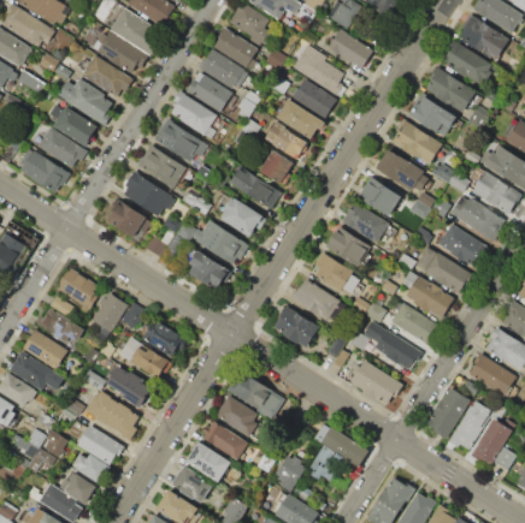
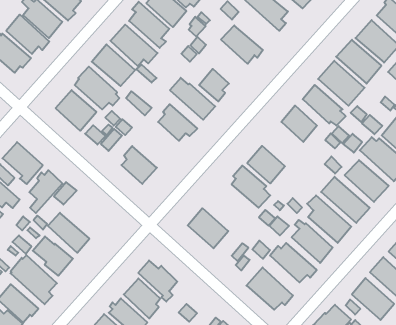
building: [293,79,335,117] -> none
building: [264,121,308,160] -> none
building: [342,202,388,243] -> none
building: [193,220,249,265] -> none
building: [290,279,338,320] -> none
building: [142,321,187,357] -> none

